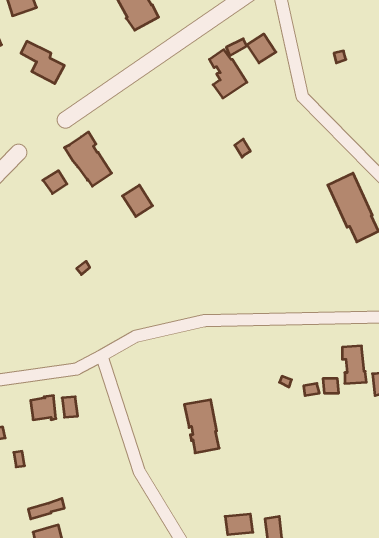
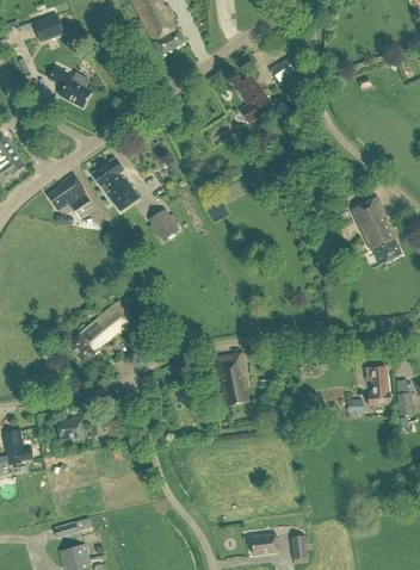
building: none -> [47,173,84,209]
building: none -> [67,302,131,363]
building: [184,400,219,453] -> [212,352,247,404]

